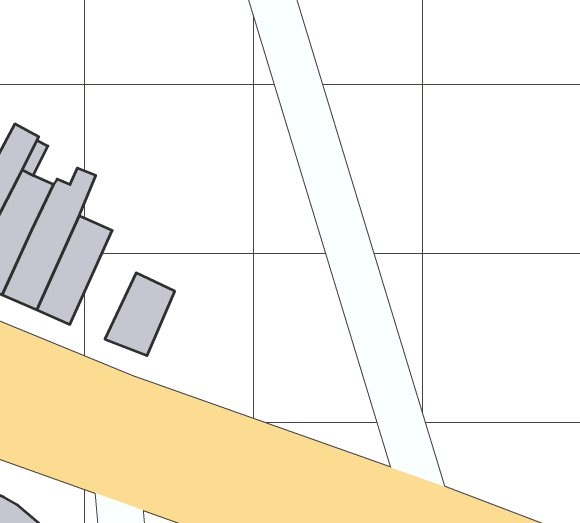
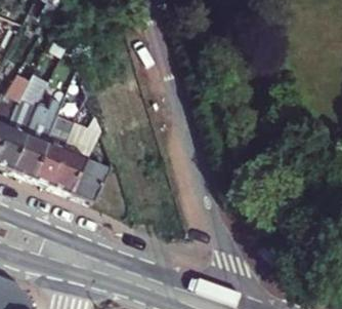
building: none -> [44,124,90,191]

